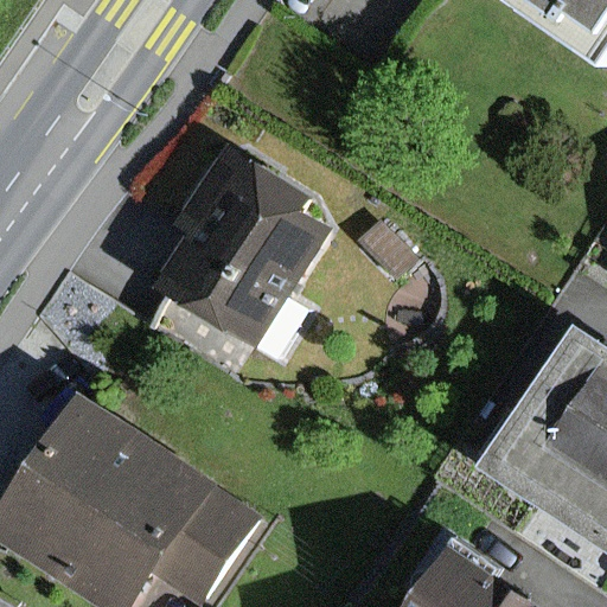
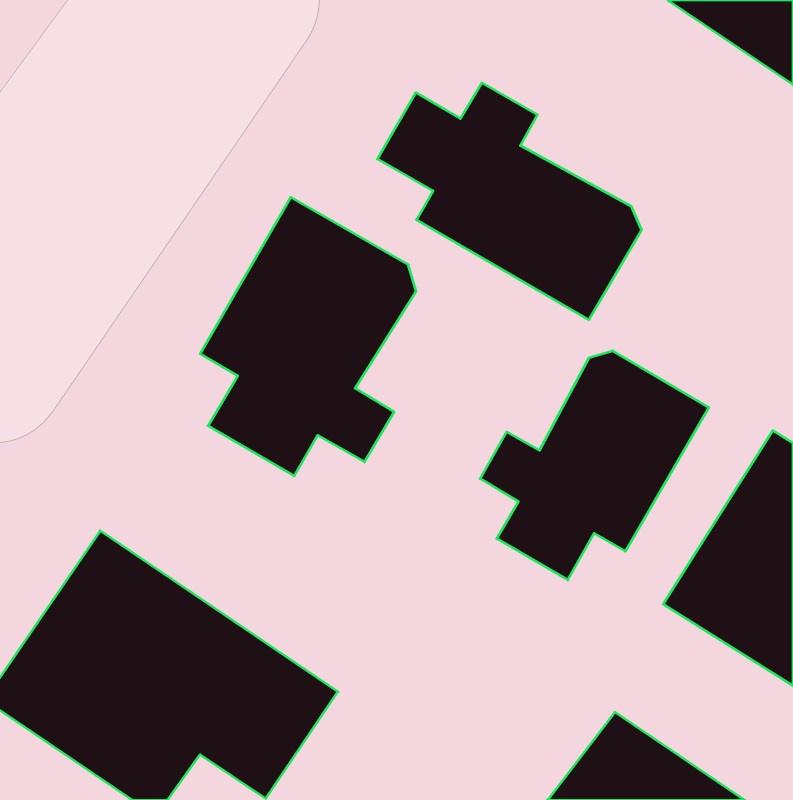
building: none -> [377,83,642,320]
building: none -> [480,351,709,580]

